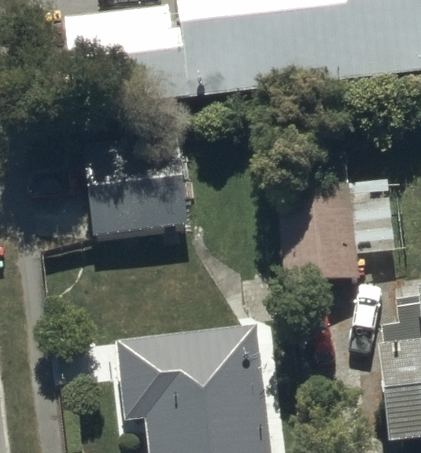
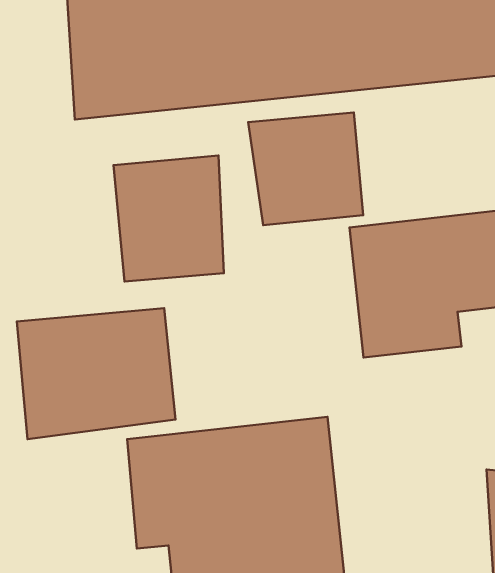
building: none -> [248,112,363,225]
building: none -> [17,308,176,439]

